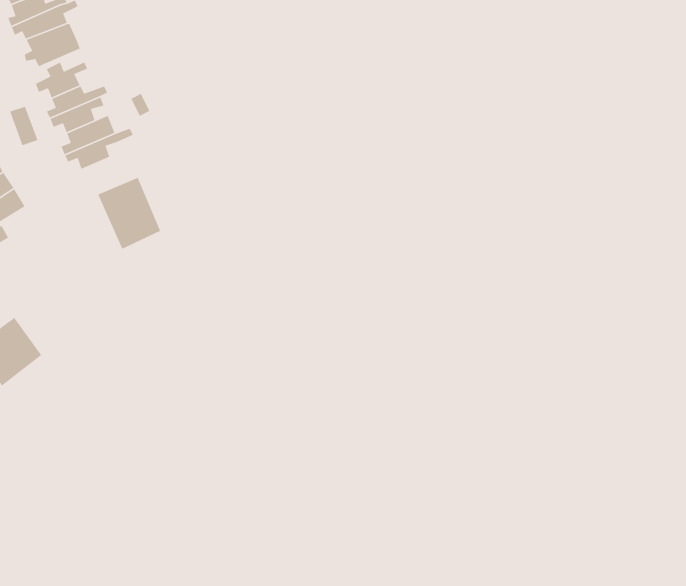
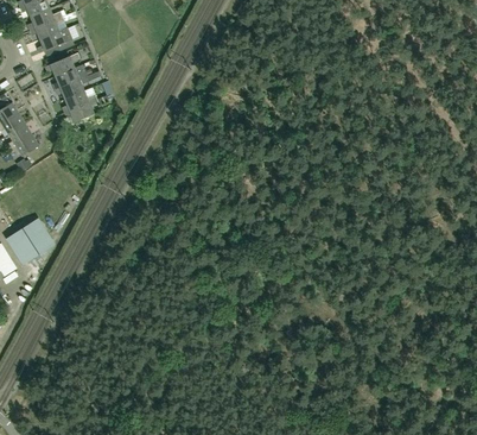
building: [97,177,161,250] -> none

